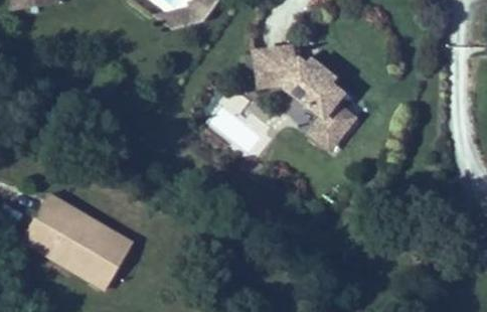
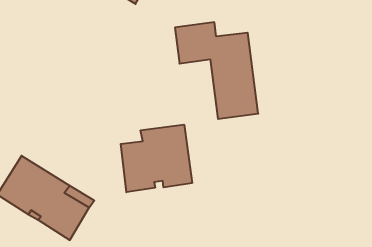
building: none -> [121,125,192,192]

